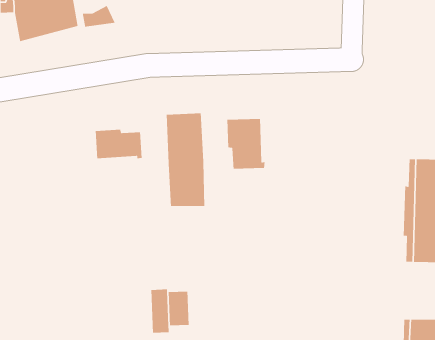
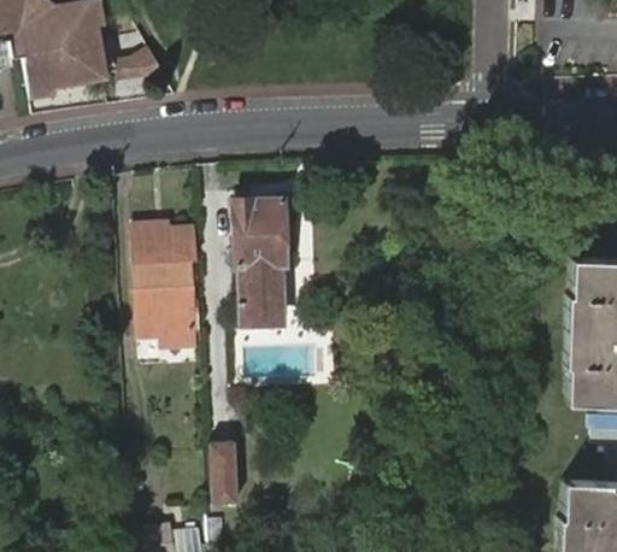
building: [227,118,265,169] -> none
building: none -> [136,258,202,333]
building: [168,291,189,326] -> none

